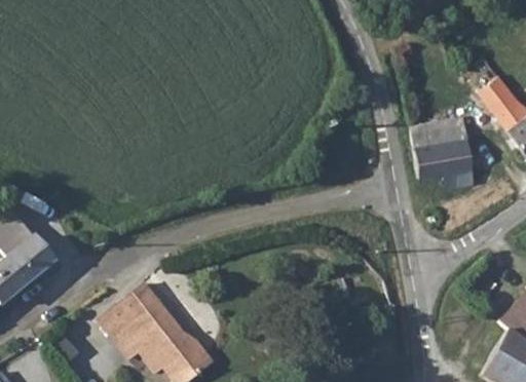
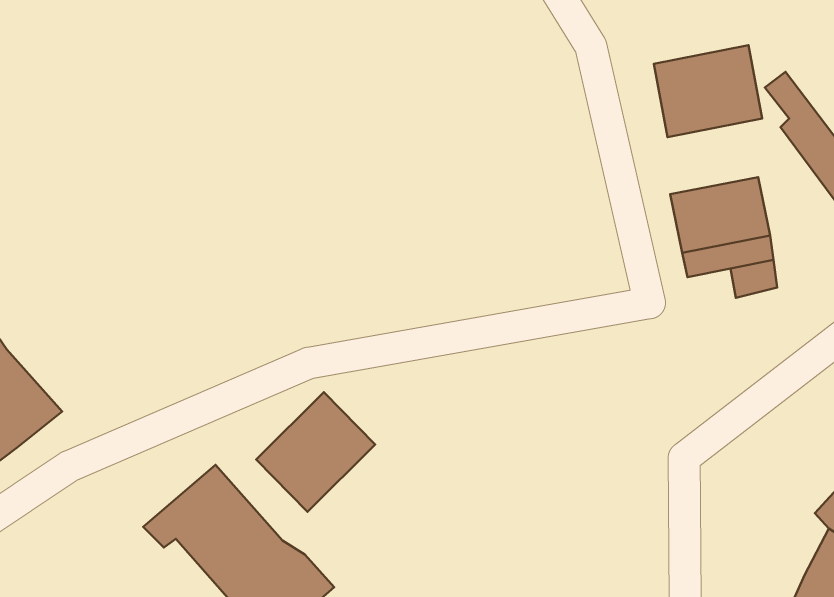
building: none -> [654,45,762,137]
building: none -> [256,392,375,512]

